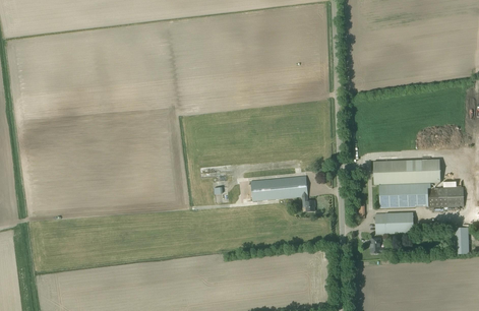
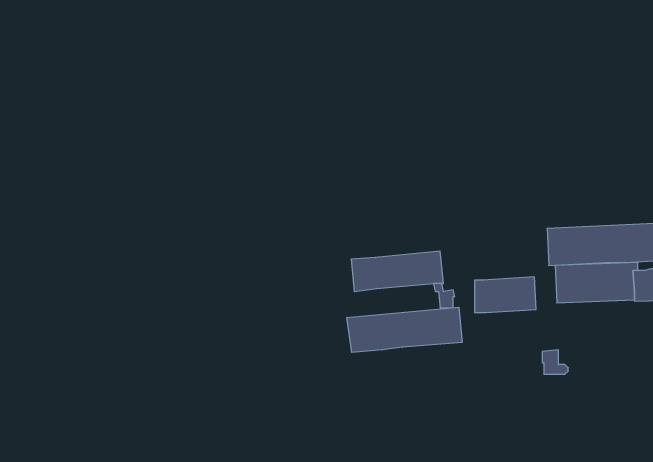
building: none -> [347,307,462,352]
building: [375,211,414,234] -> [475,277,536,313]

